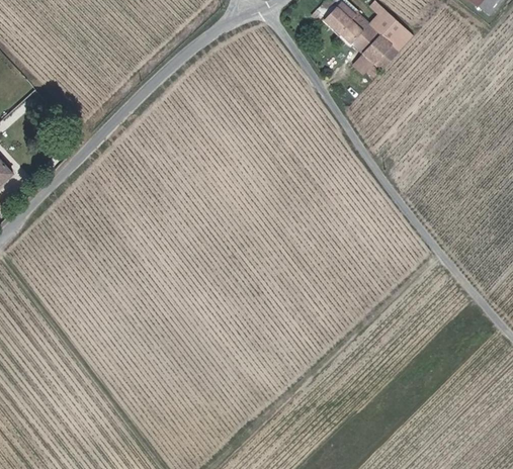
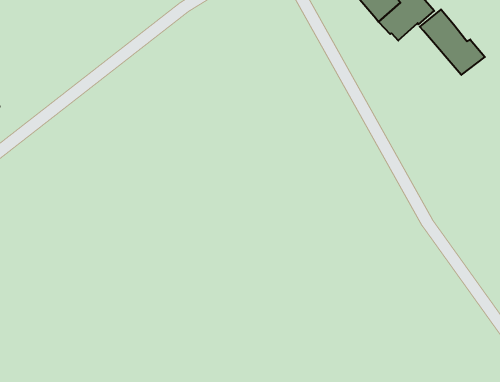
building: none -> [420,9,485,75]

